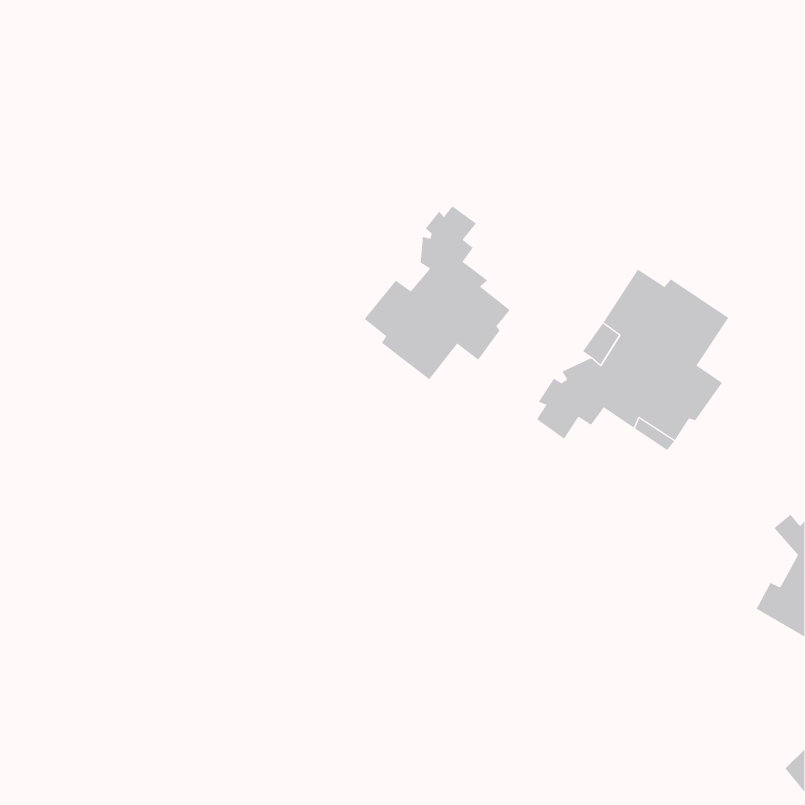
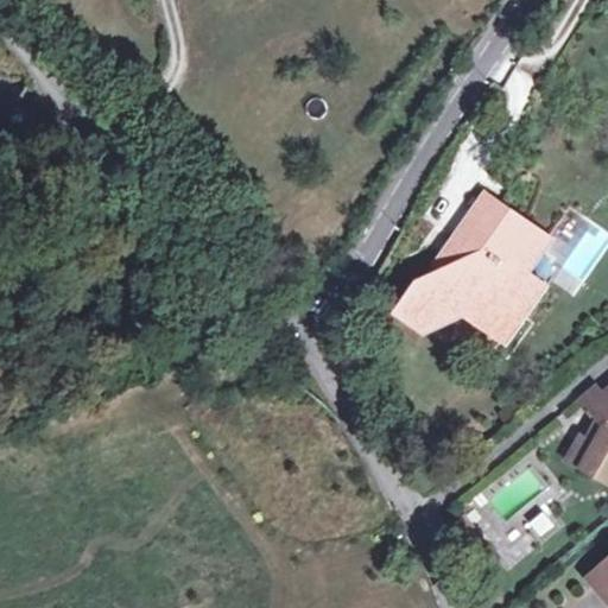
building: [364,206,510,380] -> none

